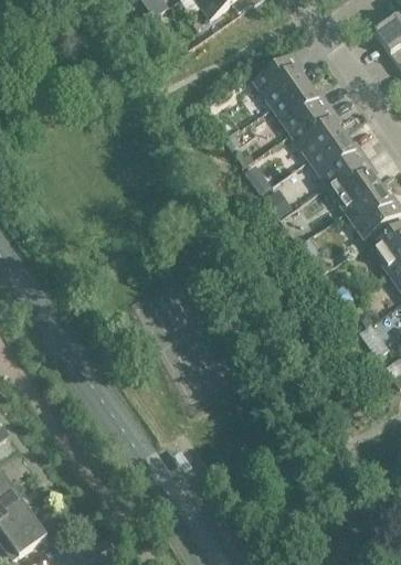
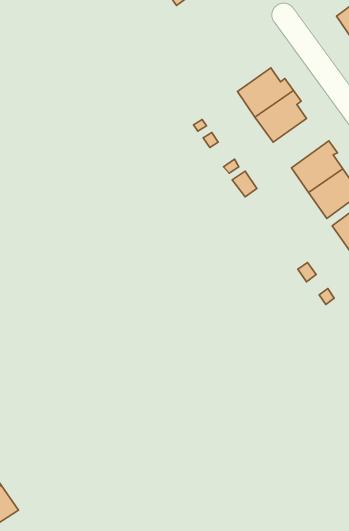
building: [253,51,306,105] -> none
building: [308,132,366,183] -> none

